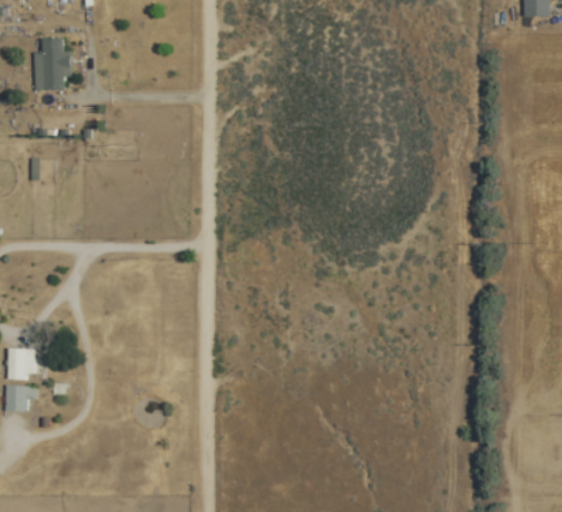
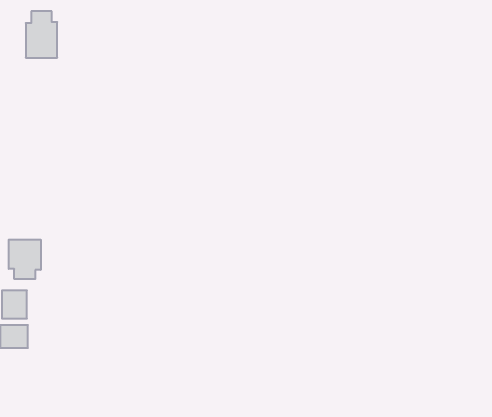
building: none -> [9,240,41,279]

